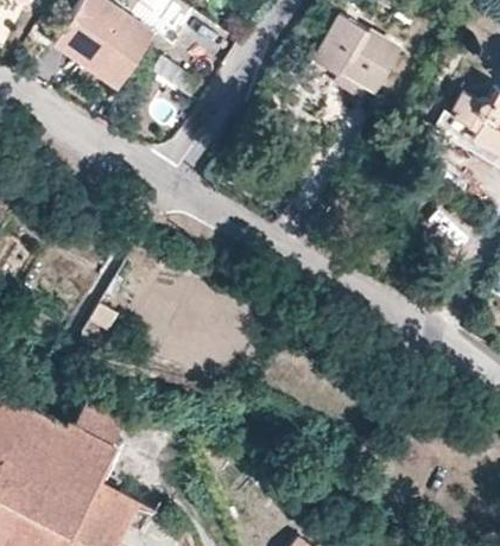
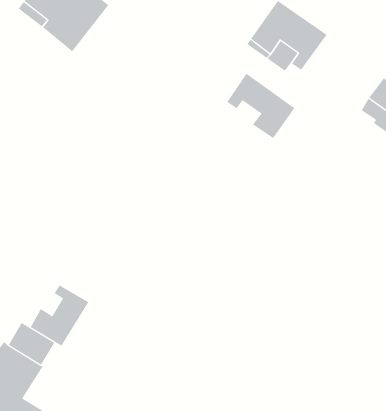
building: none -> [227,73,295,139]
building: none -> [30,284,89,347]

